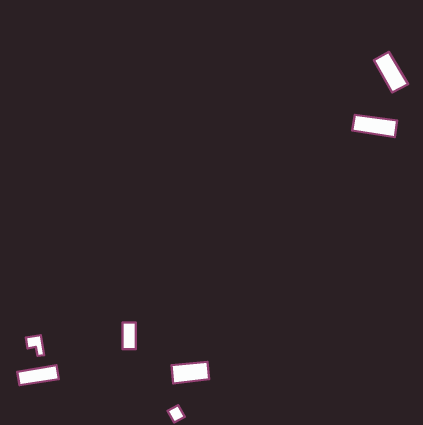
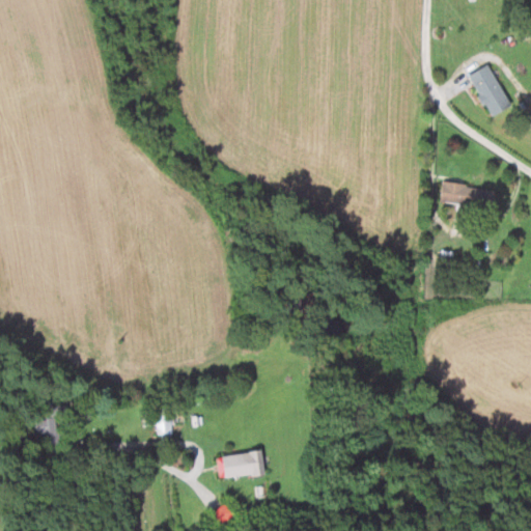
building: [352,115,397,137] -> [440,183,496,211]
building: [17,365,59,385] -> none

